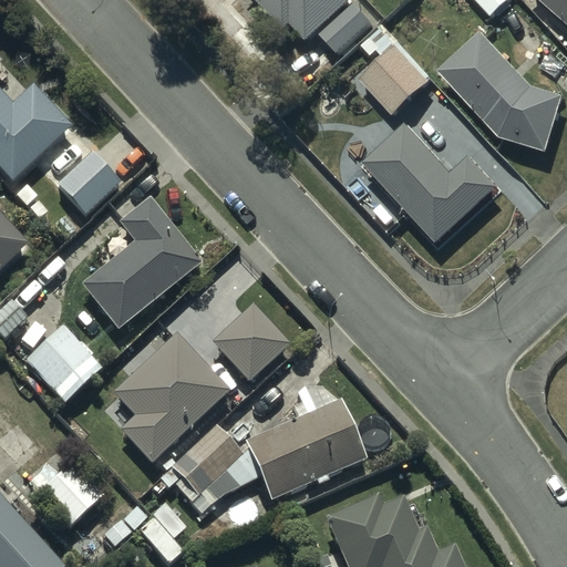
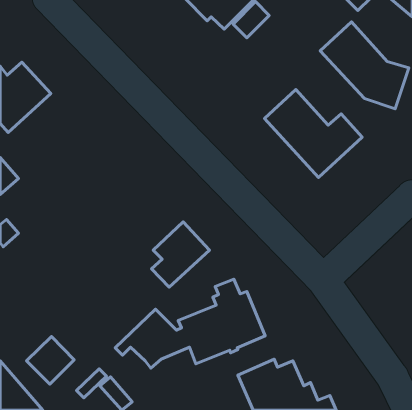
building: [360,29,429,113] -> none
building: [56,152,120,214] -> none
building: [83,197,199,327] -> none
building: [24,326,101,402] -> none
building: [112,334,228,462] -> none

